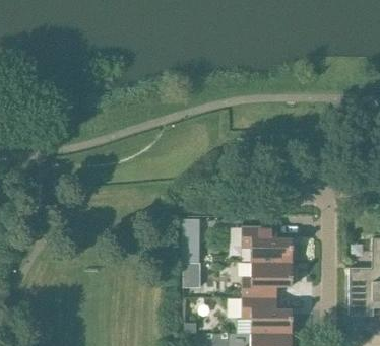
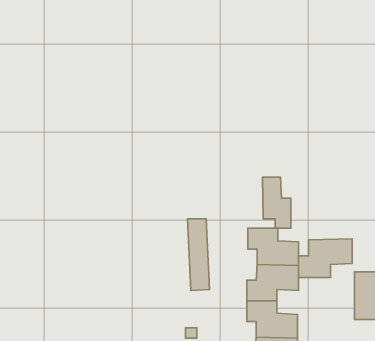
building: none -> [262,177,291,228]
building: none -> [299,239,352,277]

